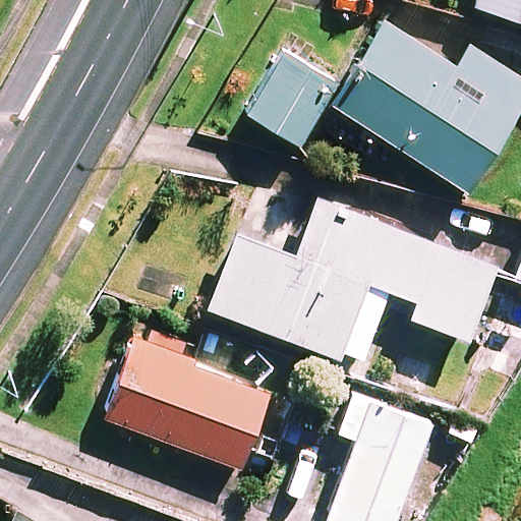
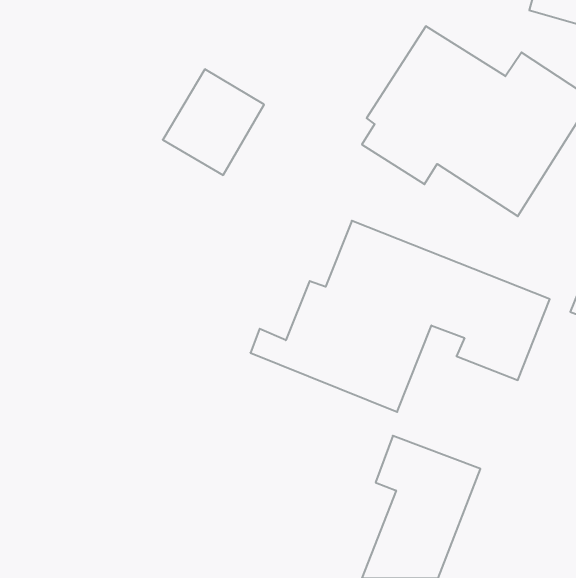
building: [247,52,338,147] -> [163,69,264,175]
building: [107,327,271,469] -> none

